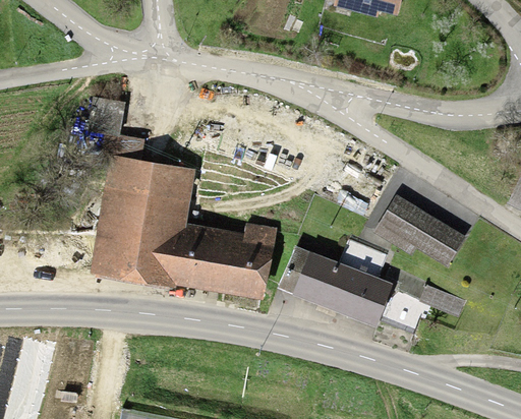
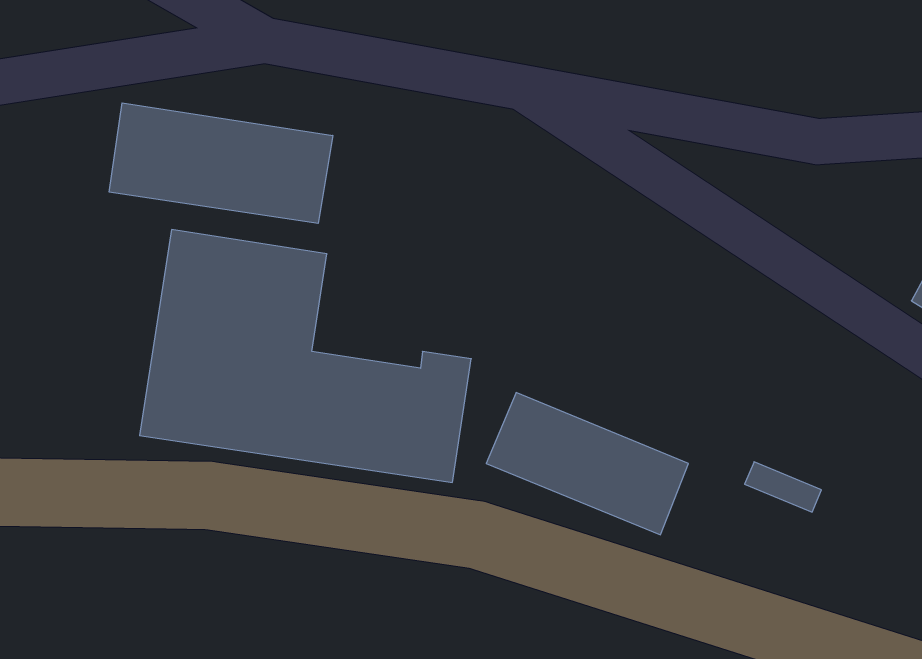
building: none -> [109,103,333,223]
building: [378,194,465,259] -> none

